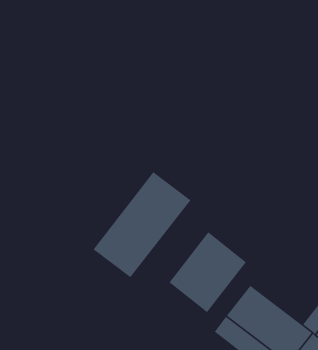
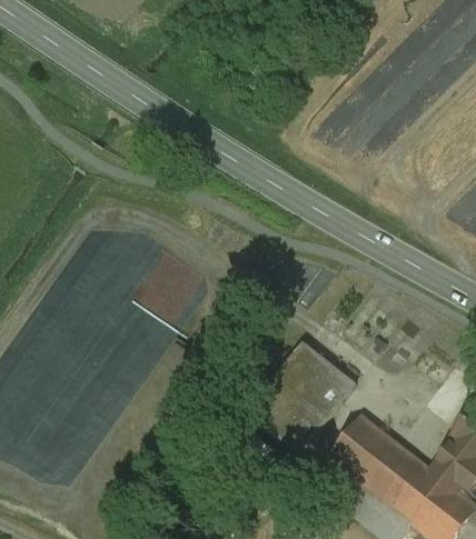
building: [92,171,191,278] -> none

